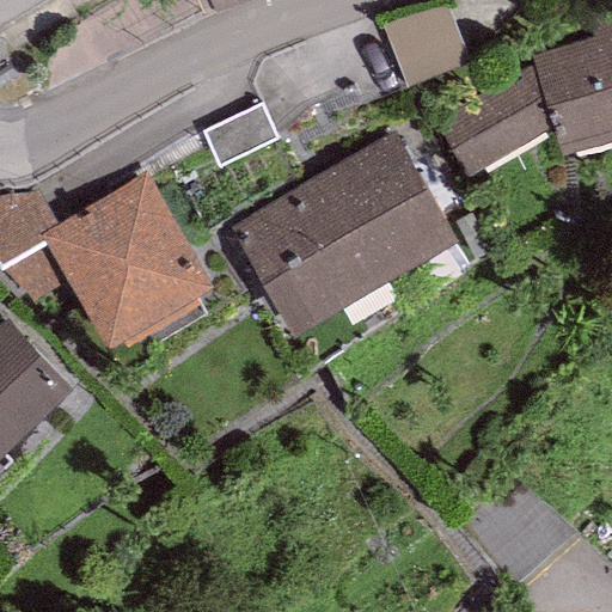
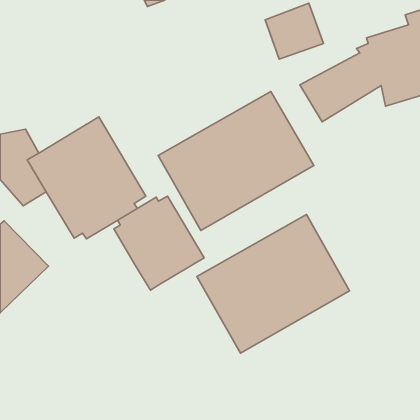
building: none -> [114,196,204,290]
building: none -> [197,215,350,353]

